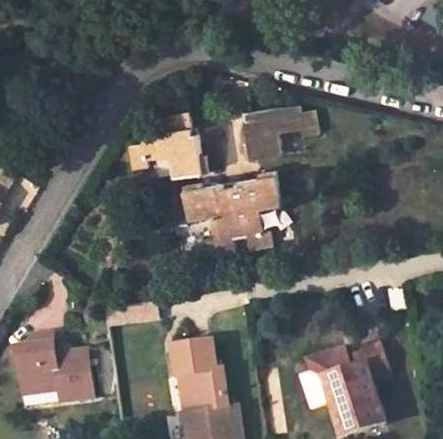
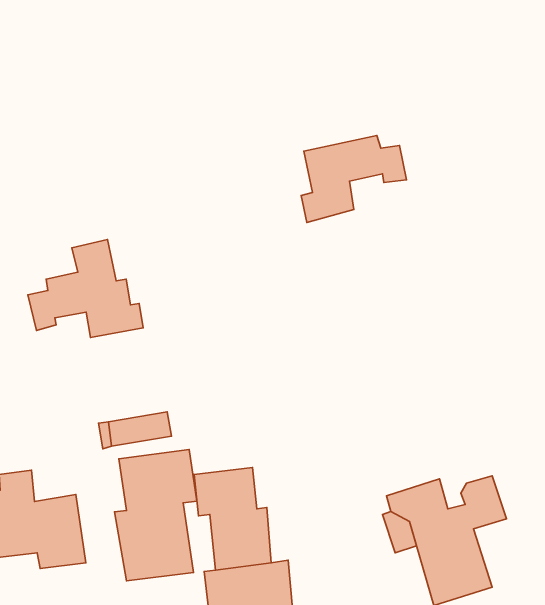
building: [126,115,207,184] -> [28,239,143,338]
building: [188,174,284,259] -> none
building: none -> [114,449,197,581]

